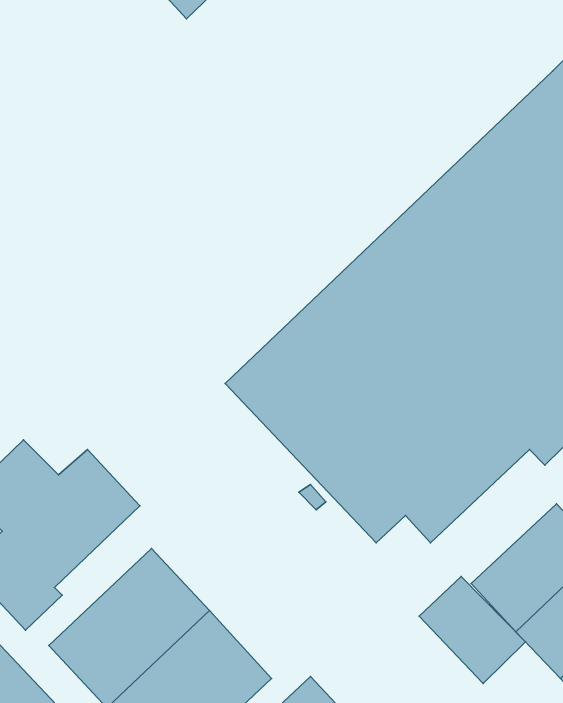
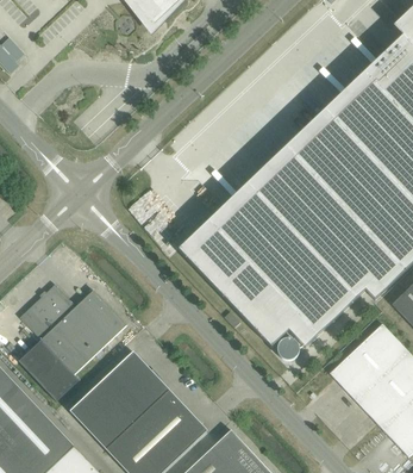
building: [419,576,525,683] -> none

